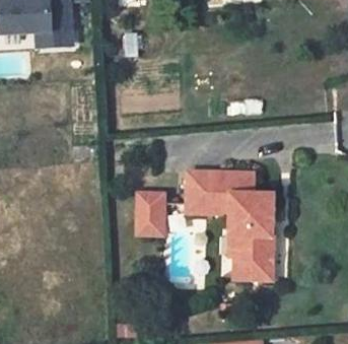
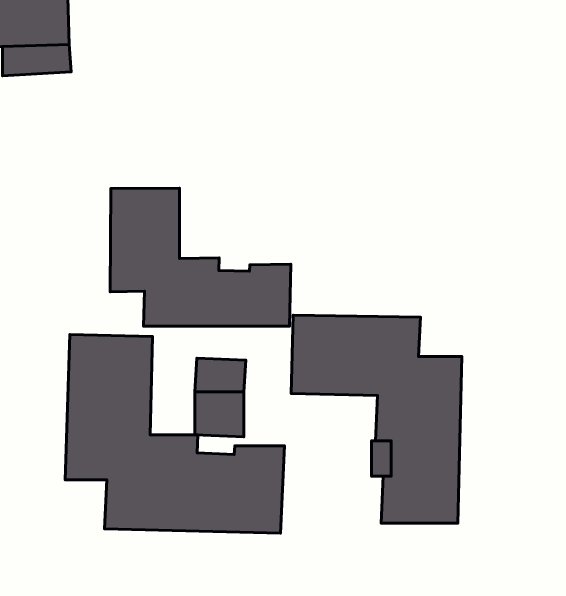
building: none -> [110,188,291,326]
building: none -> [65,335,284,533]

